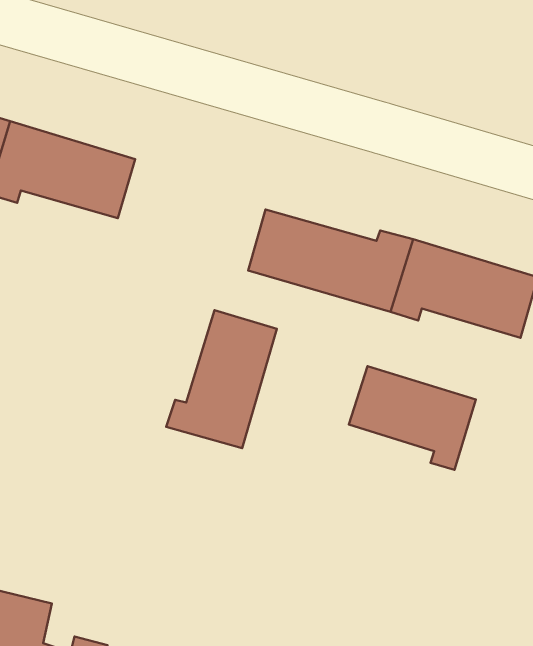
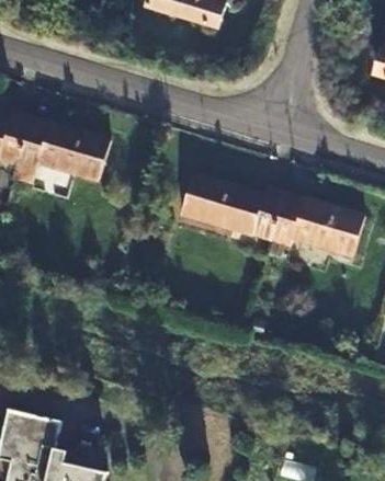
building: [166,310,277,448] -> none
building: [349,366,476,470] -> none

